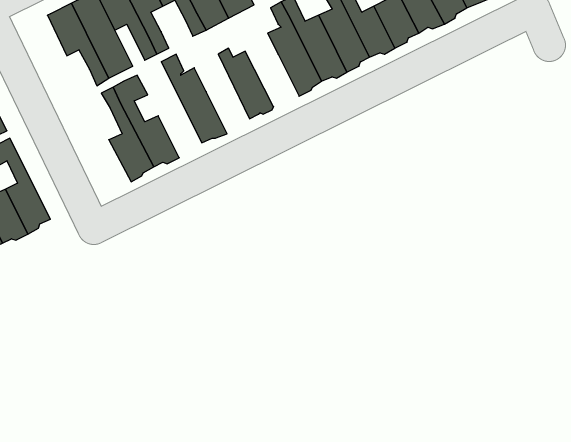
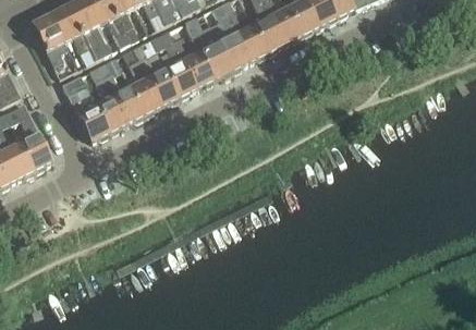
building: none -> [30,13,66,65]
building: none -> [184,15,232,80]
building: none -> [149,29,196,99]
building: none -> [123,47,161,117]
building: none -> [61,73,110,142]

